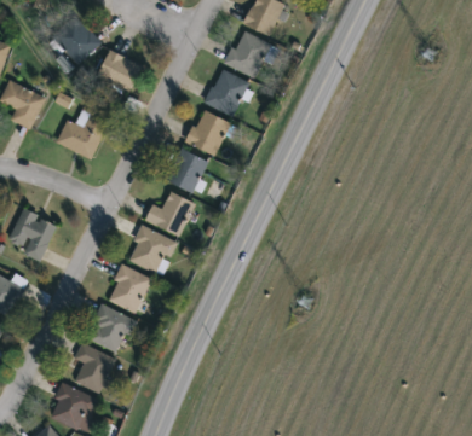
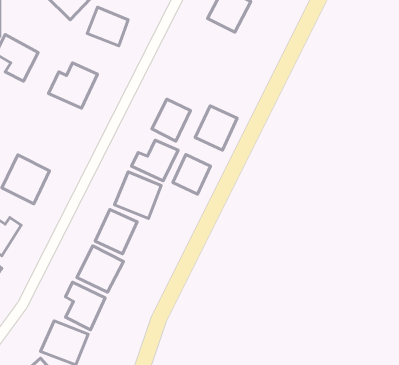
building: [203,68,248,115] -> none
building: [185,107,230,155] -> [195,106,237,150]
building: none -> [173,155,211,194]

